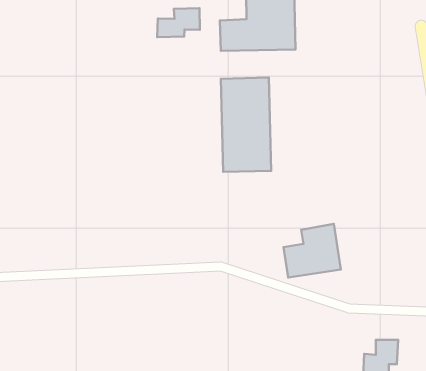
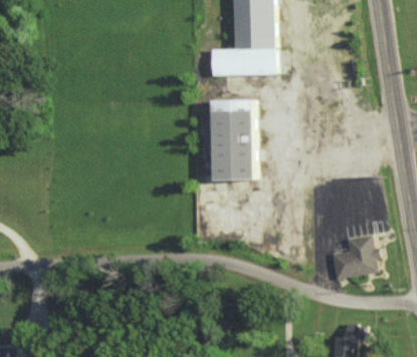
building: [157,8,200,37] -> none
building: [284,224,341,278] -> [331,234,380,280]

